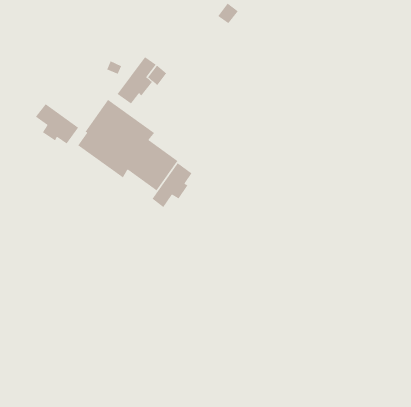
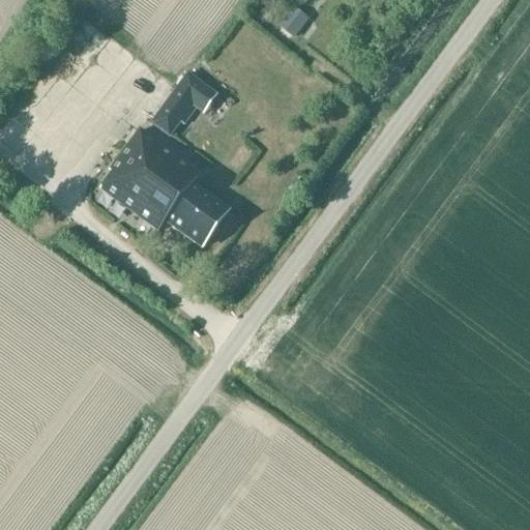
building: [35,103,79,144] -> none
building: [152,162,192,208] -> none

